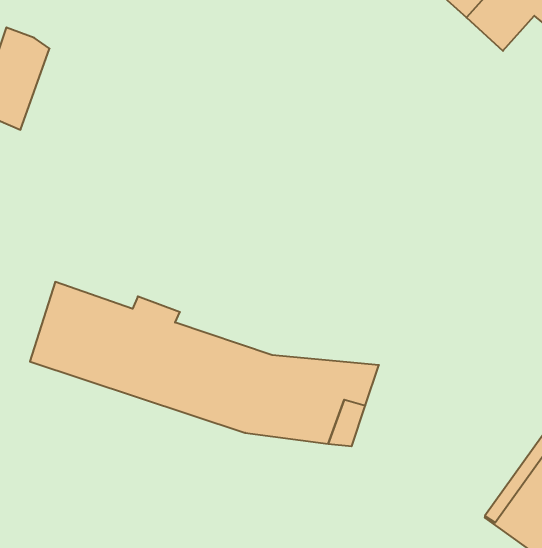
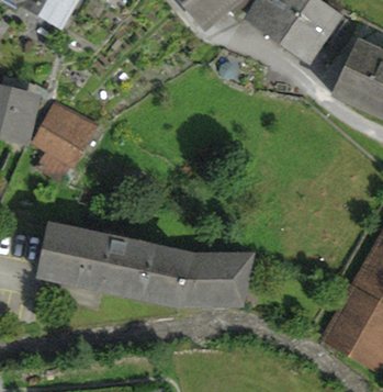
building: none -> [35,101,95,180]

